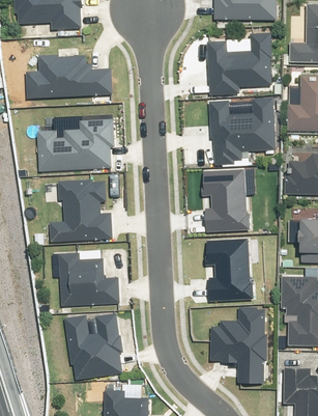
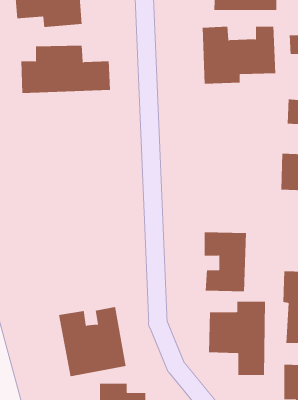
building: [205,98,276,163] -> none
building: [40,123,112,169] -> none
building: [199,172,241,231] -> none
building: [49,179,111,241] -> none
building: [59,253,116,303] -> none

